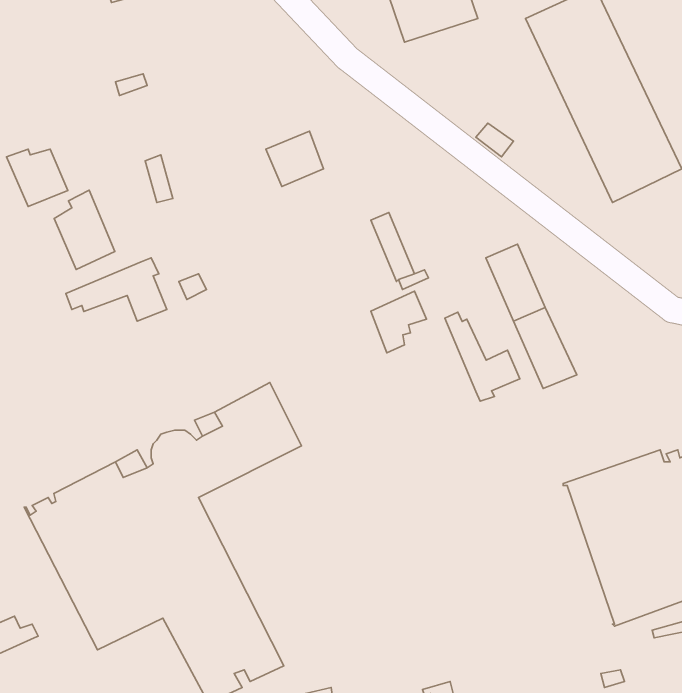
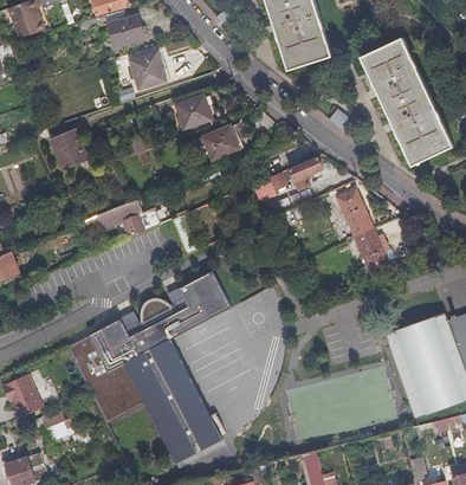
building: none -> [132,50,168,86]
building: none -> [177,91,214,125]
building: [54,190,115,270] -> none
building: [371,291,426,353] -> [287,155,321,192]
building: [445,312,520,401] -> none

